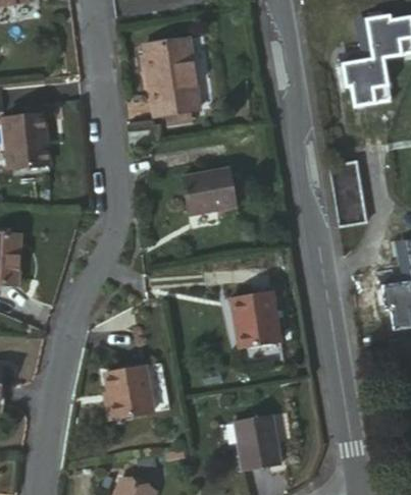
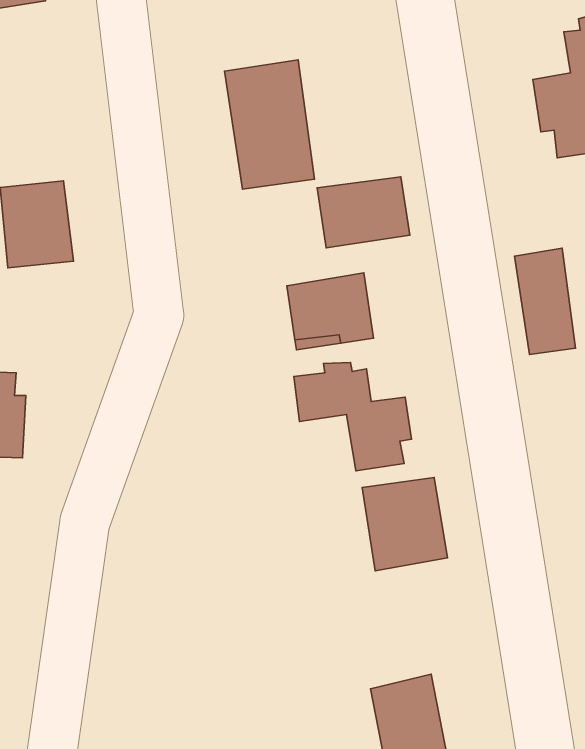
building: none -> [317,177,410,248]
building: none -> [294,362,411,471]
building: [106,372,149,424] -> none

